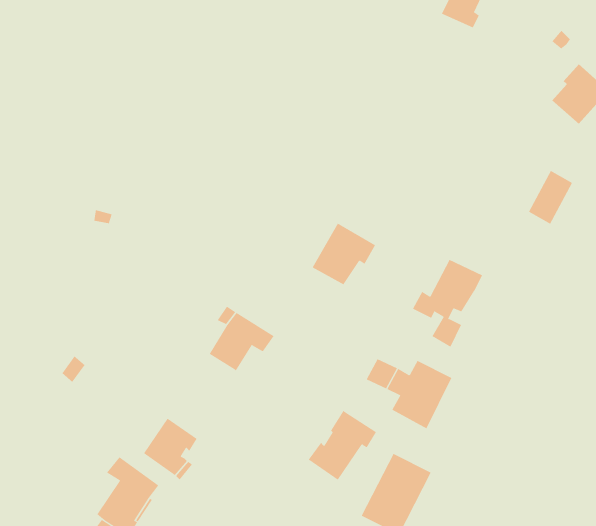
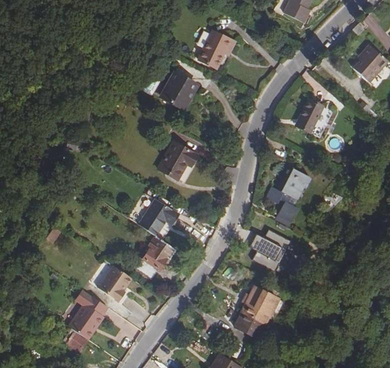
building: none -> [199,31,235,68]
building: none -> [163,71,196,110]
building: [528,170,573,225] -> [296,98,324,132]
building: [312,223,376,285] -> [158,140,198,179]
building: [308,410,377,480] -> [133,235,176,279]

